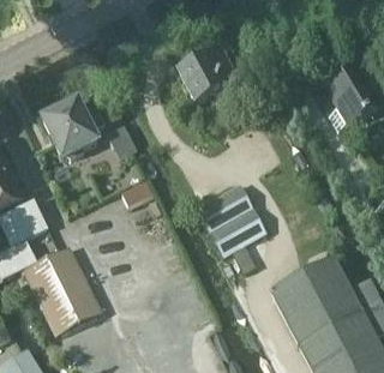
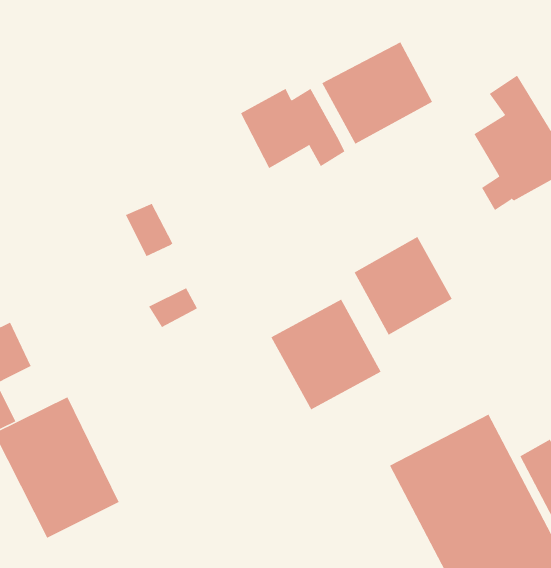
building: none -> [321,41,433,145]
building: [43,103,104,161] -> none
building: none -> [354,236,452,335]

